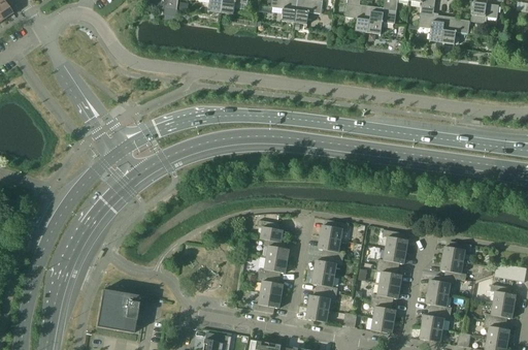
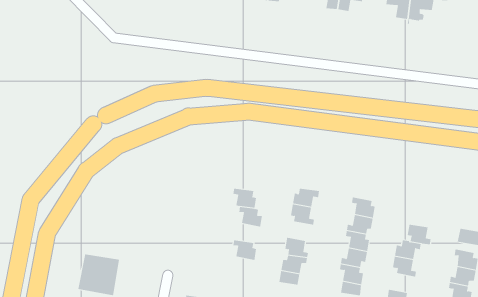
building: [442,241,470,261] -> none
building: [314,255,342,276] -> none
building: [258,257,287,278] -> none
building: [252,292,280,313] -> none
building: [421,310,450,330] -> none

